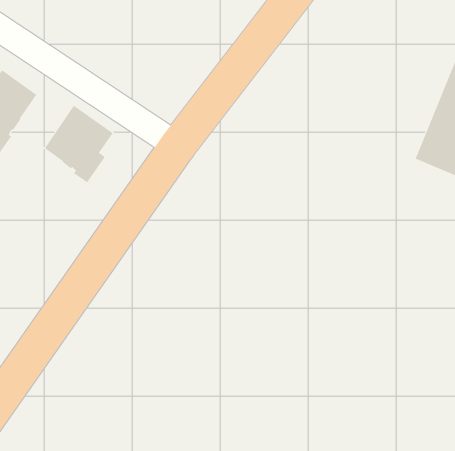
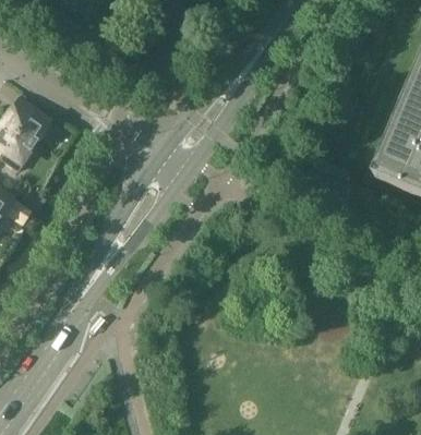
building: [44,105,114,183] -> none

